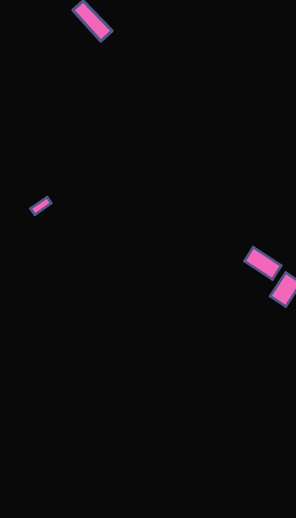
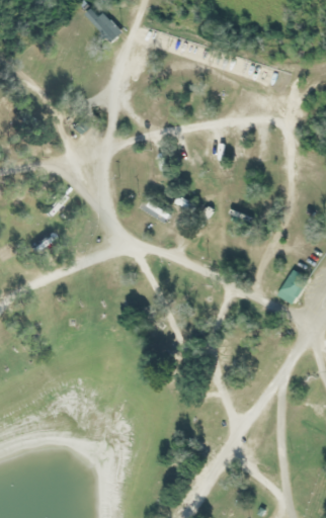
building: [244,247,281,279] -> none

